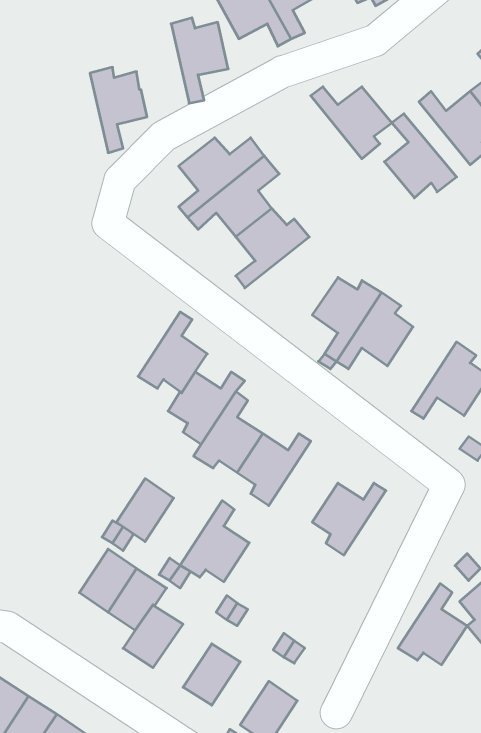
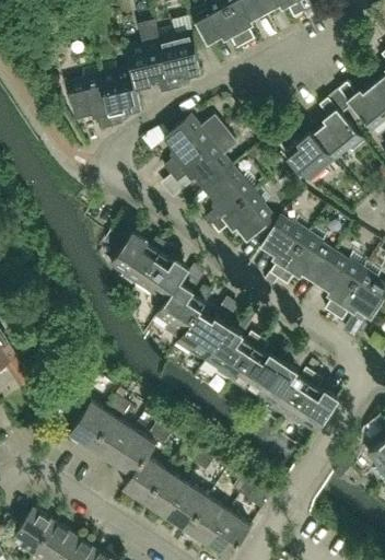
building: none -> [128,21,172,93]
building: none -> [69,69,113,129]
building: [311,87,392,159] -> [277,133,336,186]
building: none -> [212,188,273,240]
building: none -> [112,236,165,290]
building: none -> [316,254,366,315]
building: [116,479,174,542] -> [71,401,113,447]
building: [180,501,249,582] -> [230,337,280,396]
building: [398,584,467,665] -> [284,373,335,432]
building: none -> [145,470,188,516]
building: none -> [188,498,230,544]

